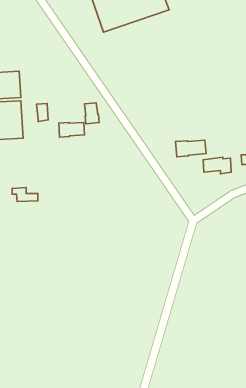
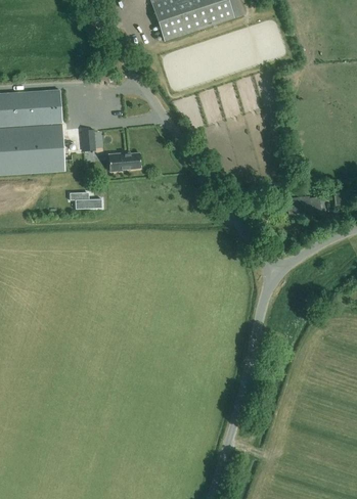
building: [84,103,99,124] -> none
building: [175,140,206,157] -> none
building: [12,188,38,202] -> [70,191,101,209]

